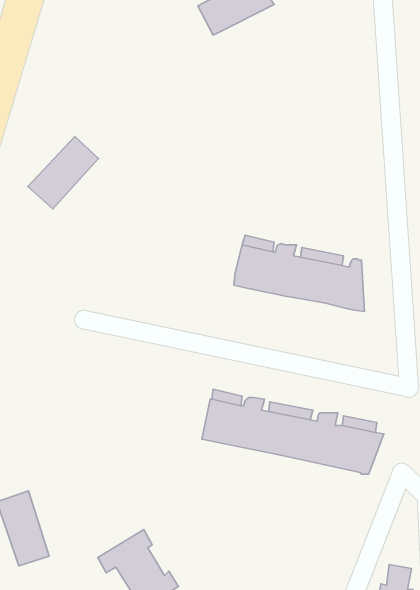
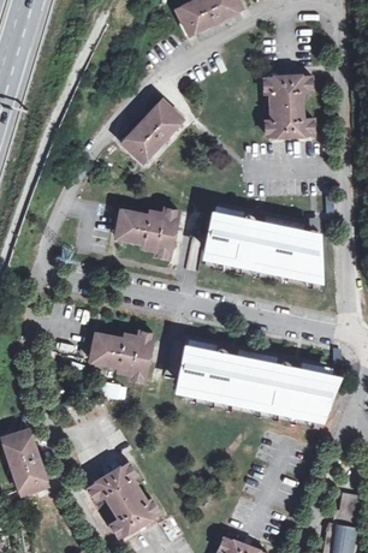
building: none -> [263,78,313,137]
building: [28,136,99,209] -> [120,101,182,163]
building: none -> [113,210,177,258]
building: none -> [89,333,153,382]

